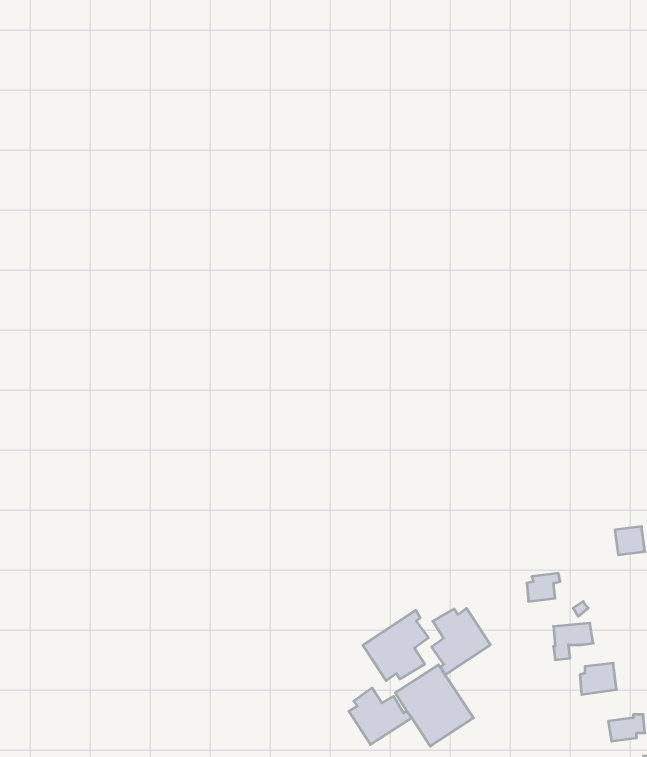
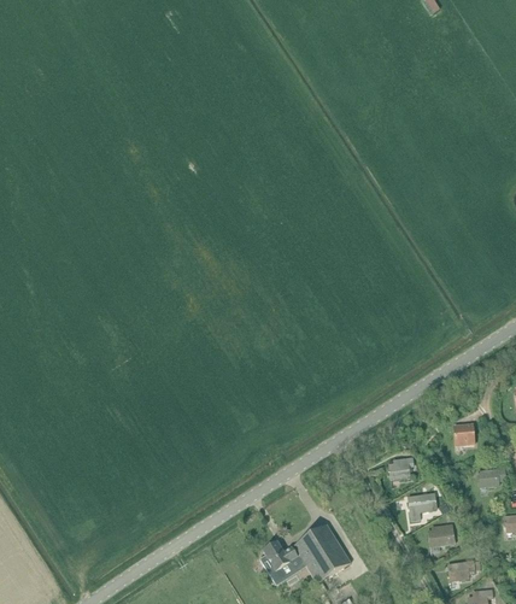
building: [432,608,490,675] -> none
building: [363,610,428,681] -> none

